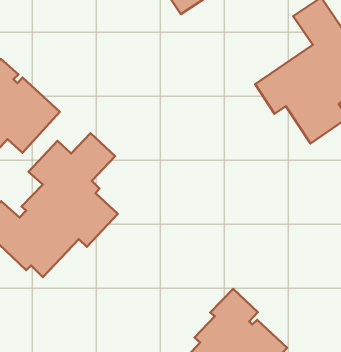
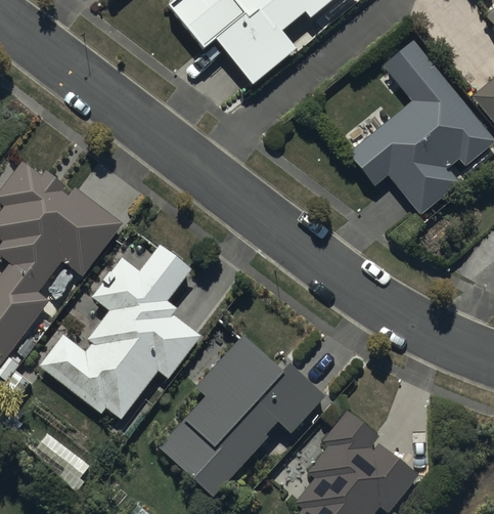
building: none -> [160,330,325,492]

